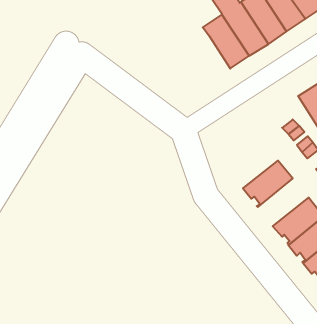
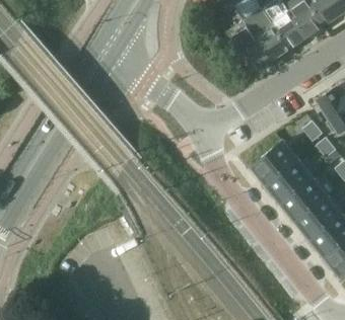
building: none -> [249,141,297,186]
building: none -> [278,177,327,223]

